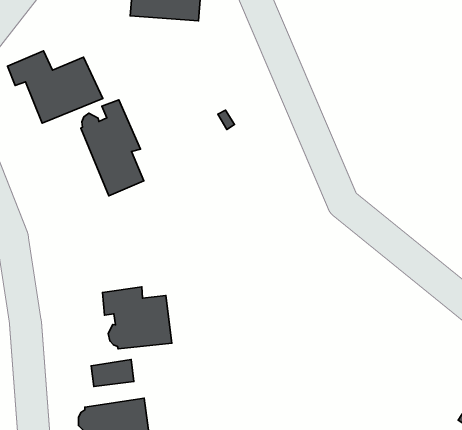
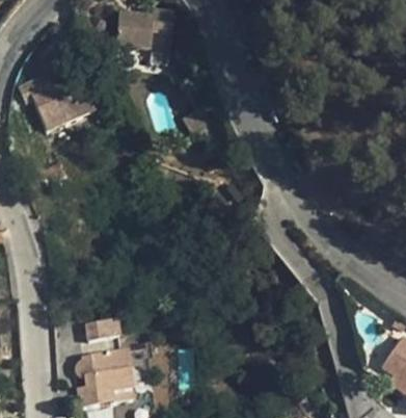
building: [81,100,144,196] -> none
building: [102,287,172,349] -> none

